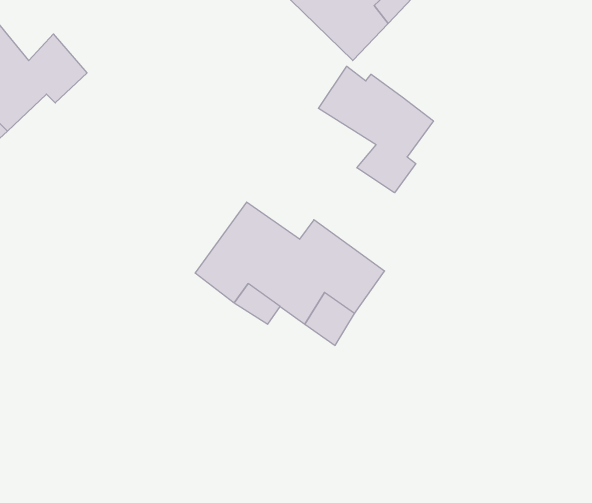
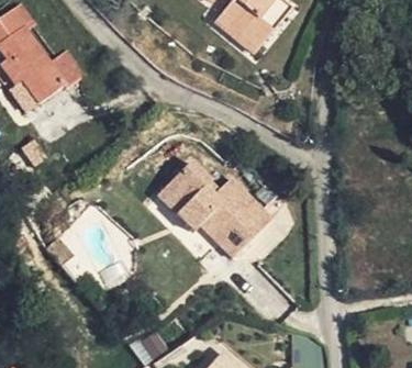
building: [318,66,433,193] -> none

